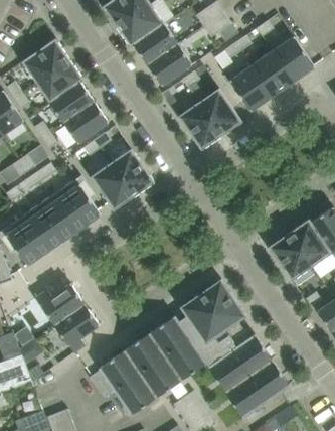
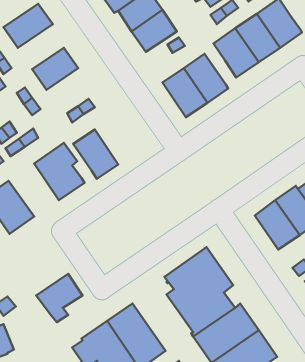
building: [35,59,83,104] -> none
building: [63,103,108,144] -> none
building: [111,149,154,197] -> none
building: [26,196,75,249] -> none
building: [35,284,85,326] -> none
building: [148,316,207,381] -> none

